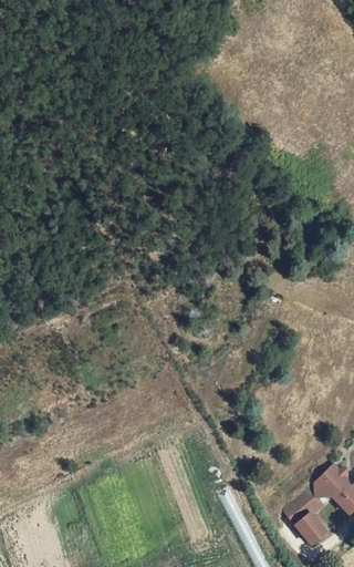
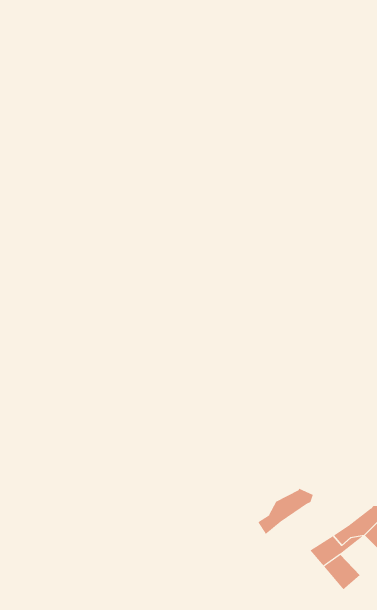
building: none -> [258,488,313,535]

